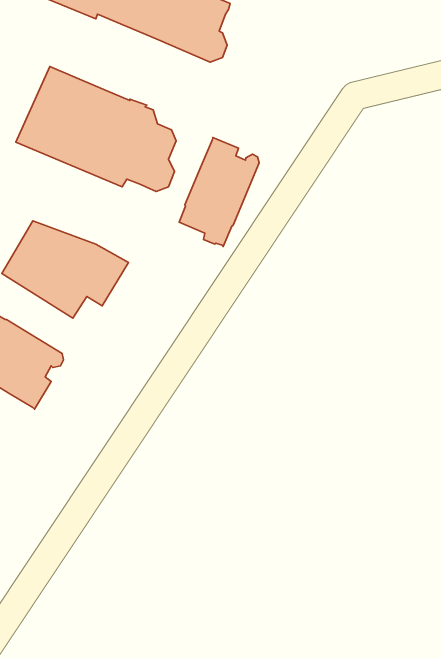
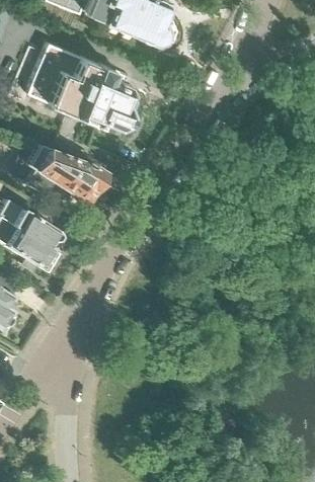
building: [179,137,259,246] -> none

